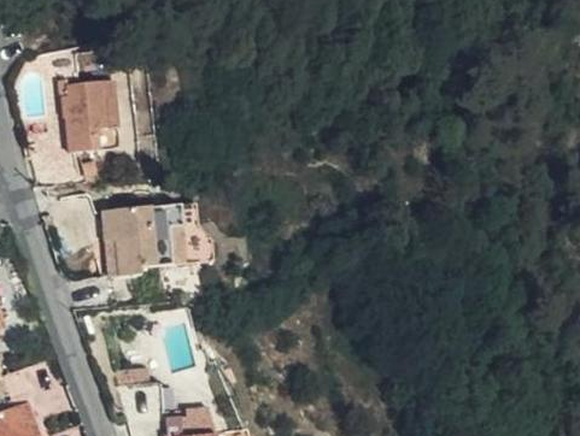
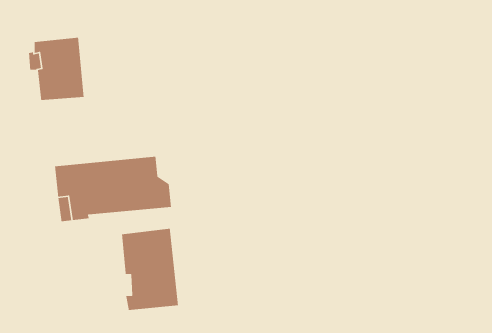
building: none -> [121,228,179,311]

